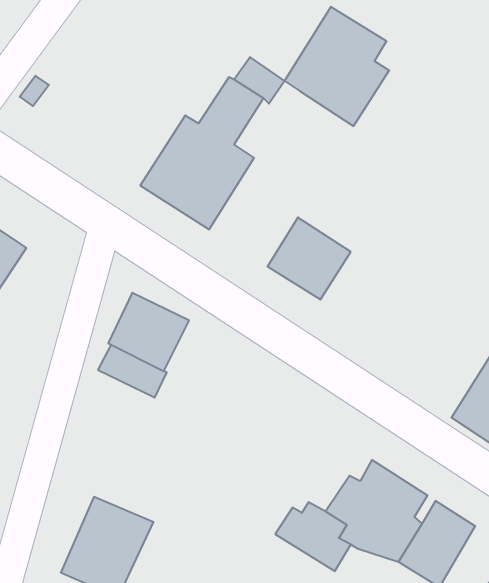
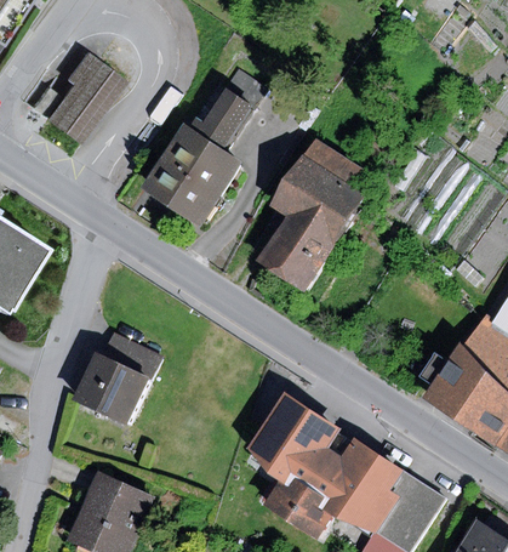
building: [285,7,389,126] -> [269,138,365,247]
building: none -> [42,51,125,144]
building: [108,293,189,371] -> [79,355,153,427]
building: none -> [246,393,339,486]

